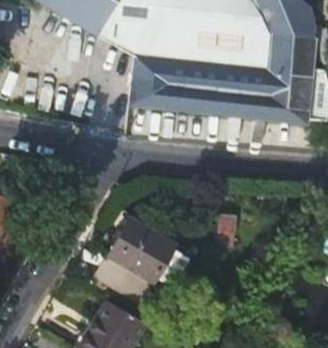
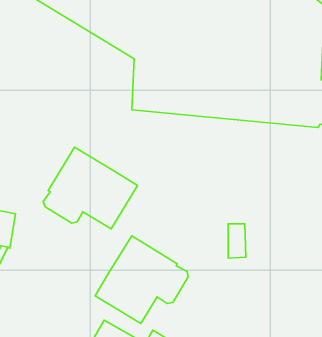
building: none -> [43,147,137,229]

